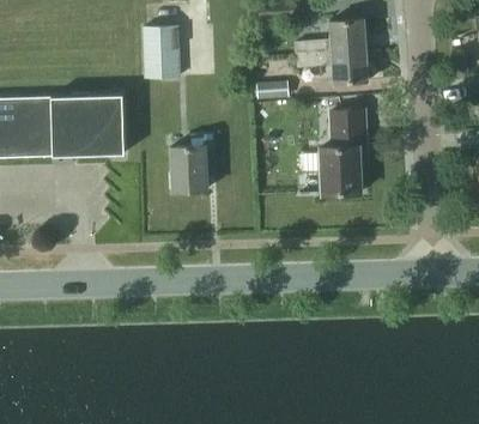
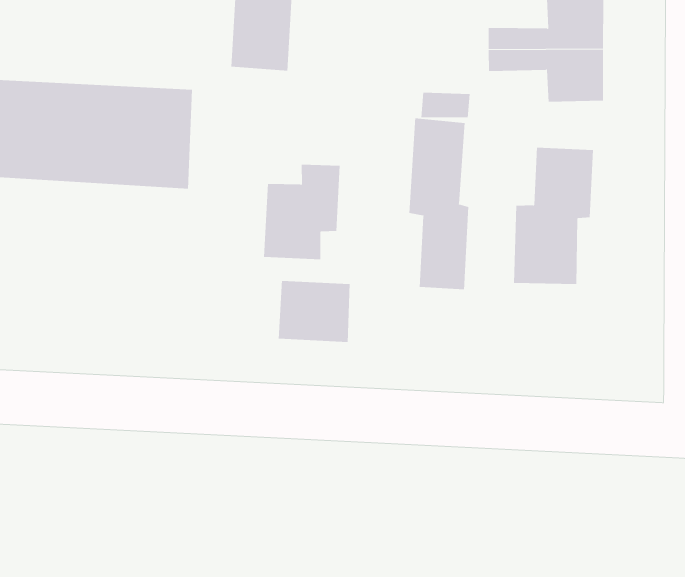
building: none -> [409,117,469,290]
building: none -> [278,280,350,343]

